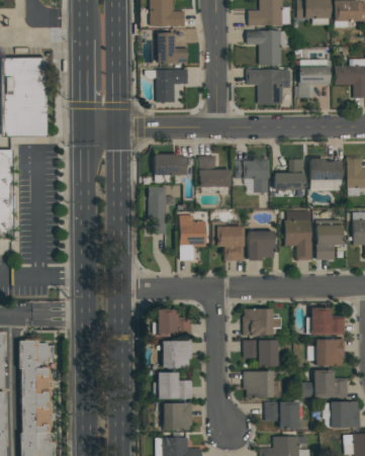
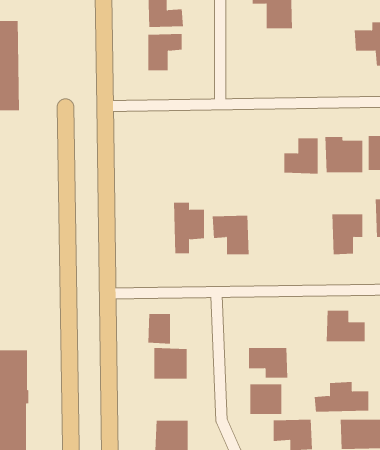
building: [297,63,330,97] -> none
building: [247,69,290,104] -> none
building: [154,154,187,182] -> none
building: [198,155,231,187] -> none
building: [235,159,269,192] -> none
building: [148,186,174,234] -> none
building: [285,210,312,260] -> none
building: [248,231,275,259] -> none
building: [243,307,273,336] -> none
building: [307,339,345,366] -> none
building: [157,371,192,398] -> none

